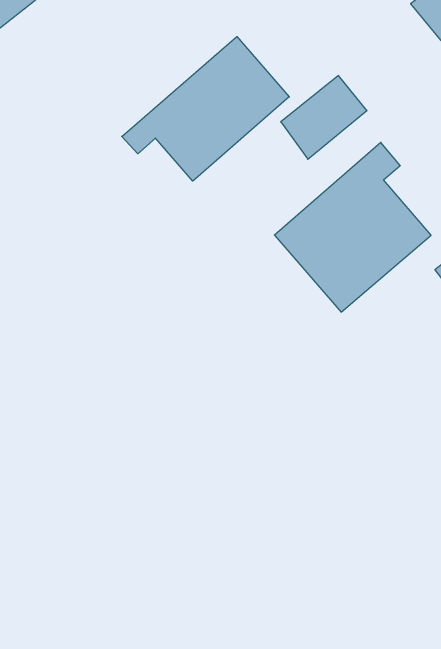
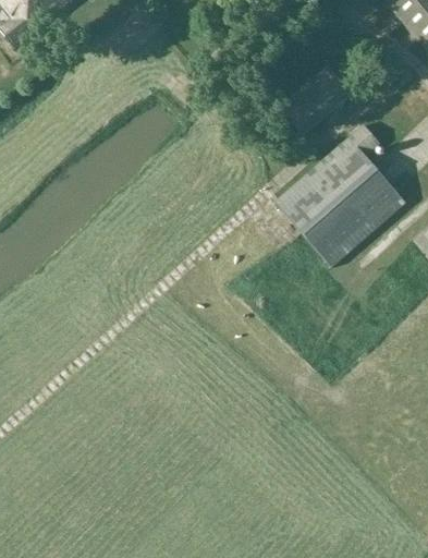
building: [122,37,289,181] -> none

